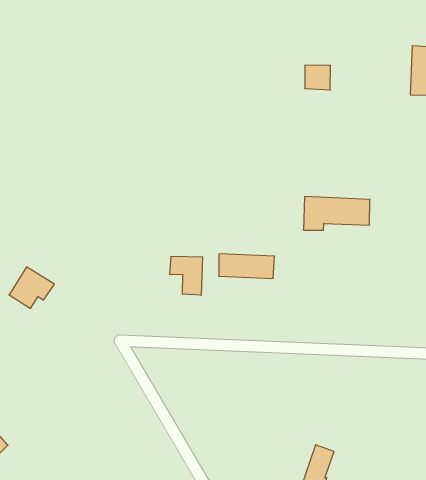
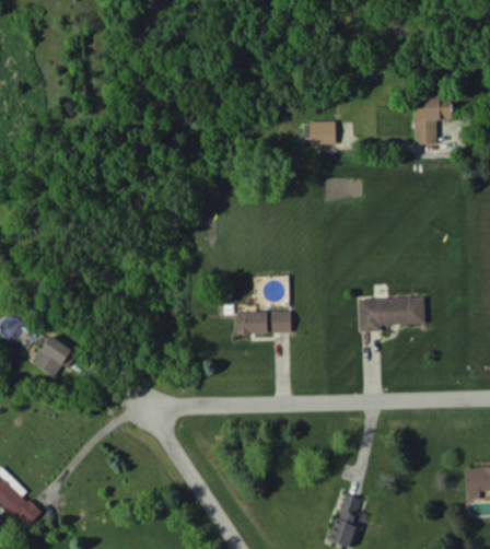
building: [303,197,370,230] -> [359,297,424,331]
building: [170,256,203,295] -> none

